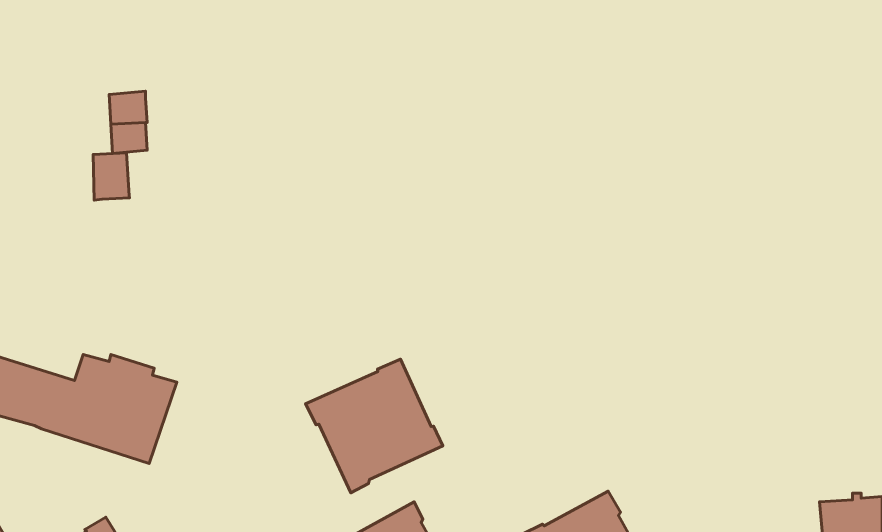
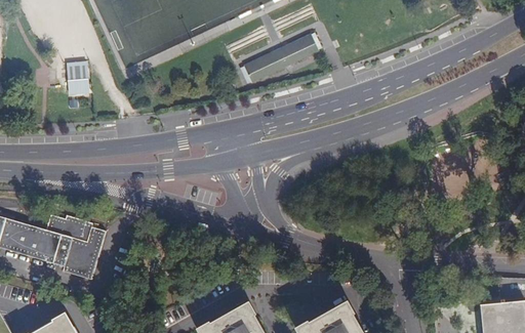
building: none -> [242,33,317,82]
building: [93,153,129,200] -> none
building: [305,359,443,493] -> none

